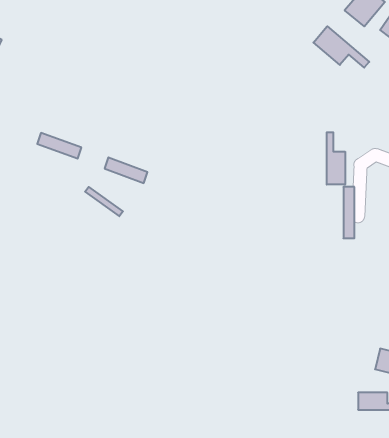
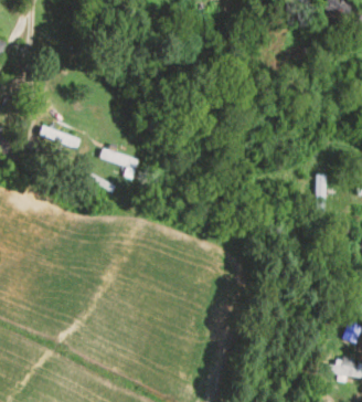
building: [313,26,369,68] -> none
building: [327,132,345,185] -> none

